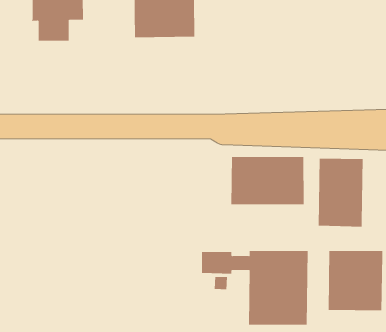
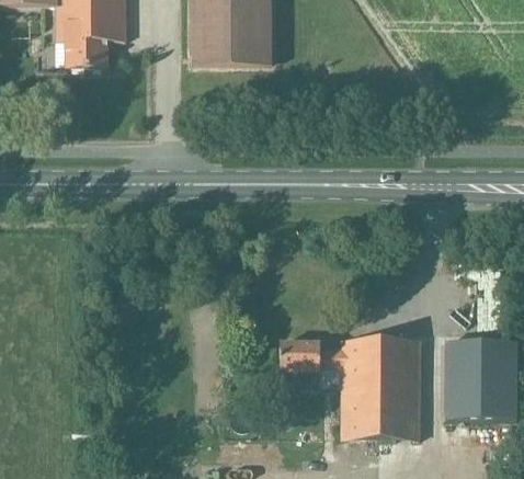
building: [231,156,304,205] -> none
building: [318,158,363,228] -> none

